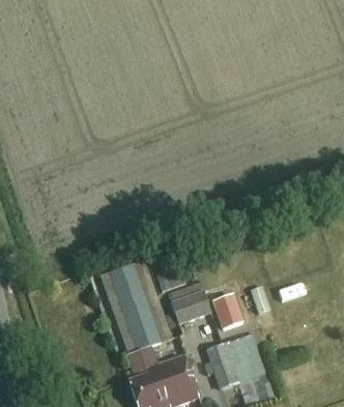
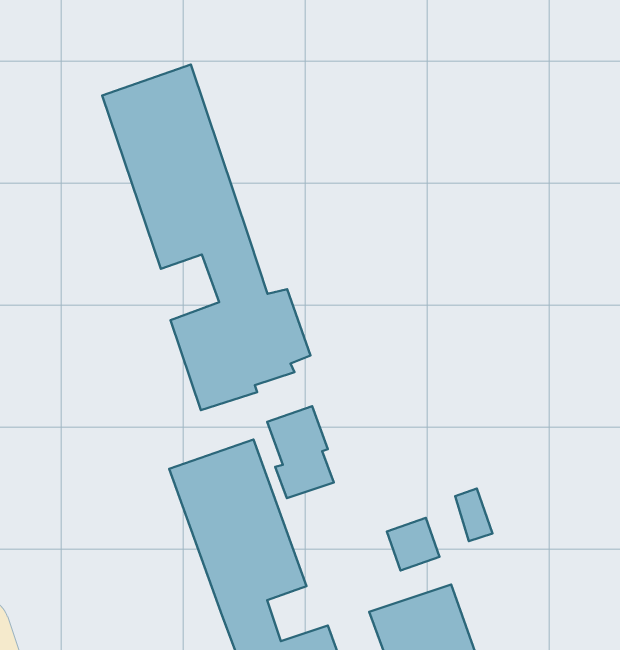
building: none -> [102,65,311,410]
building: [171,288,211,323] -> none

